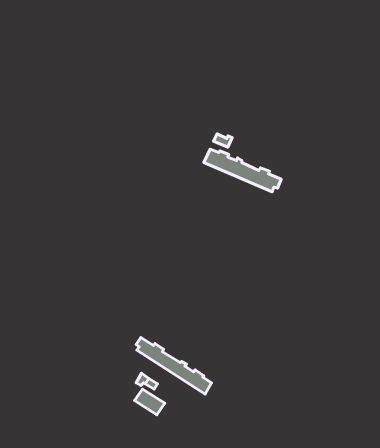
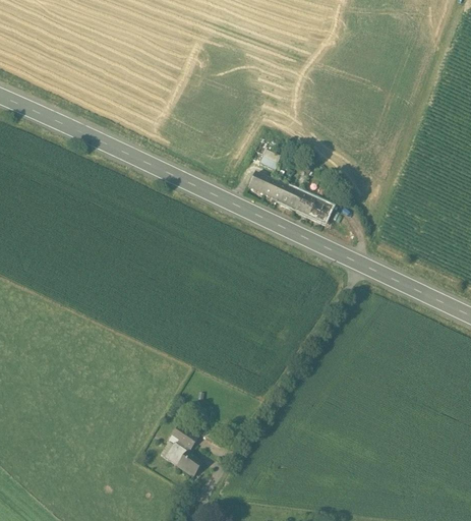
building: [136,337,212,394] -> none

